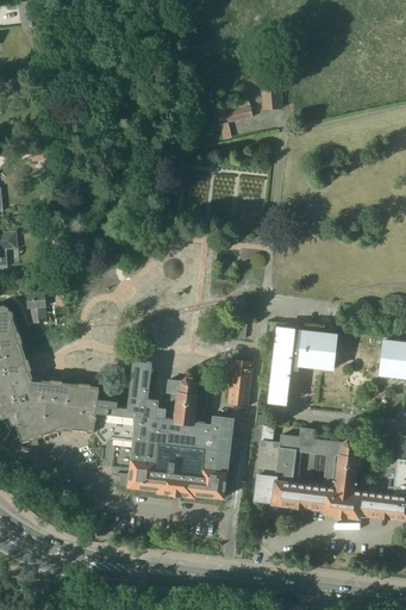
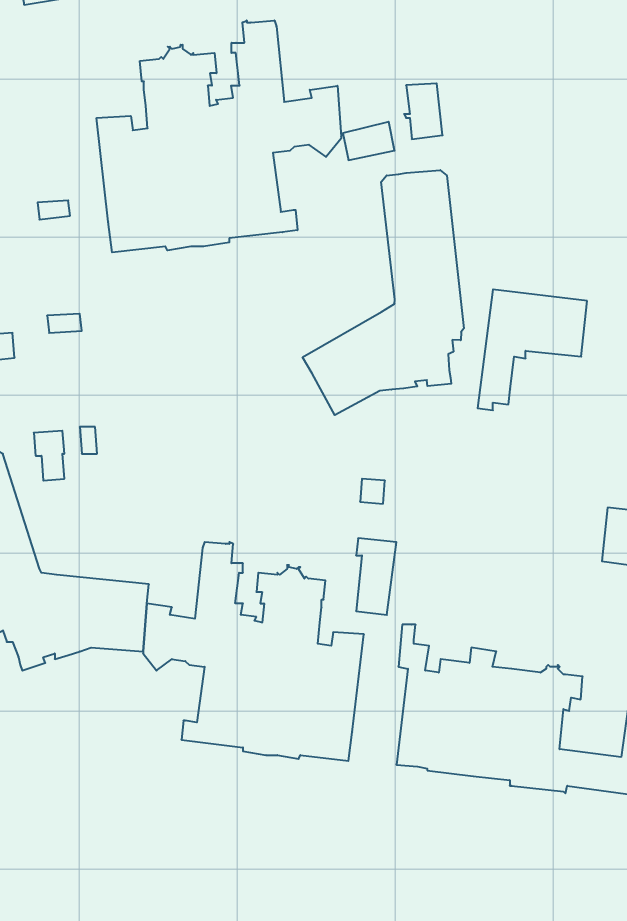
building: none -> [97,20,341,252]
building: none -> [303,170,464,415]
building: [269,328,337,403] -> [478,289,587,410]

